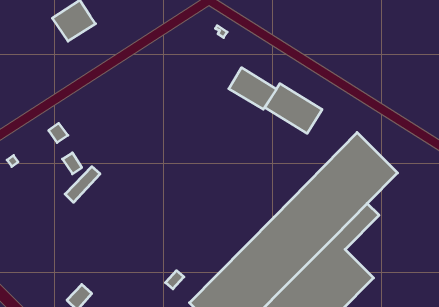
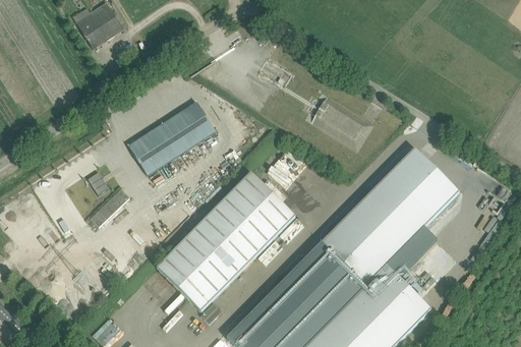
building: [229,68,276,109] -> none
building: none -> [128,102,215,175]
building: none -> [156,172,294,311]

